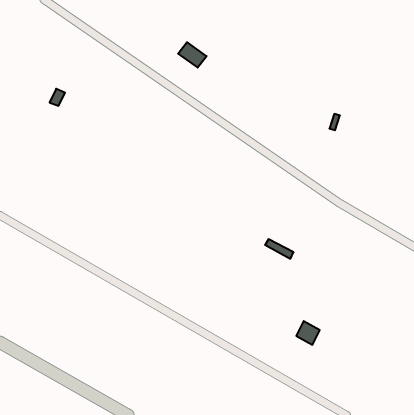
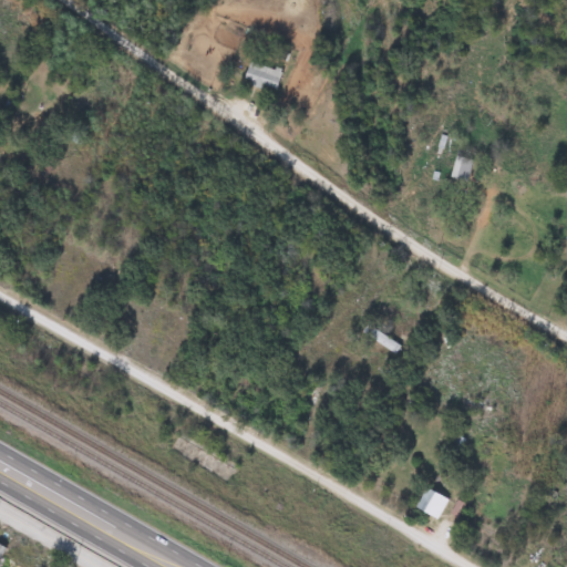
building: [296,321,320,345] -> [416,487,449,519]

